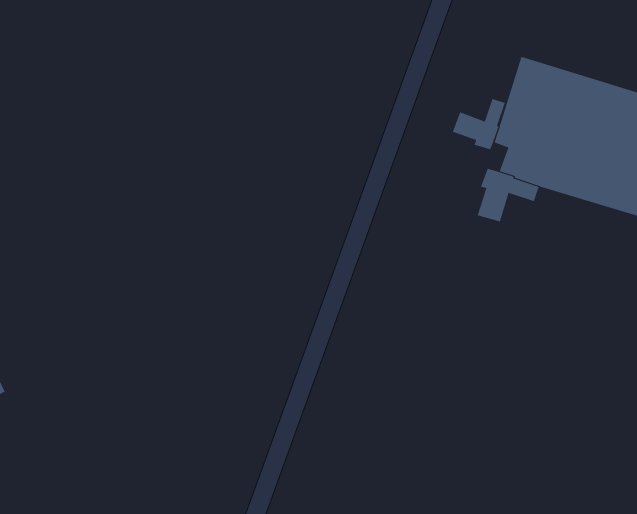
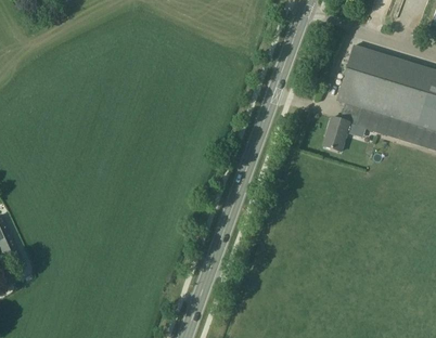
building: [452,98,505,150] -> none

